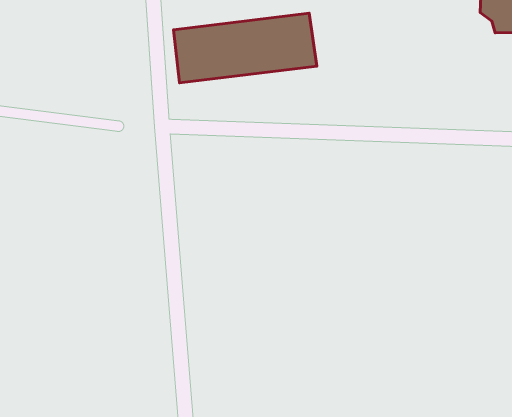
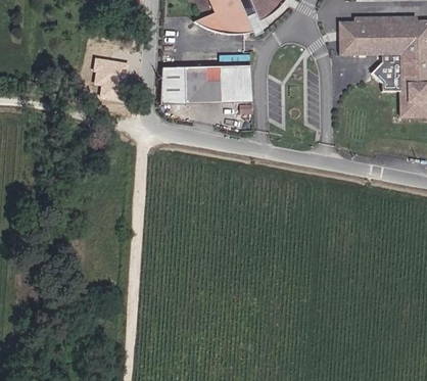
building: none -> [93,55,132,86]

